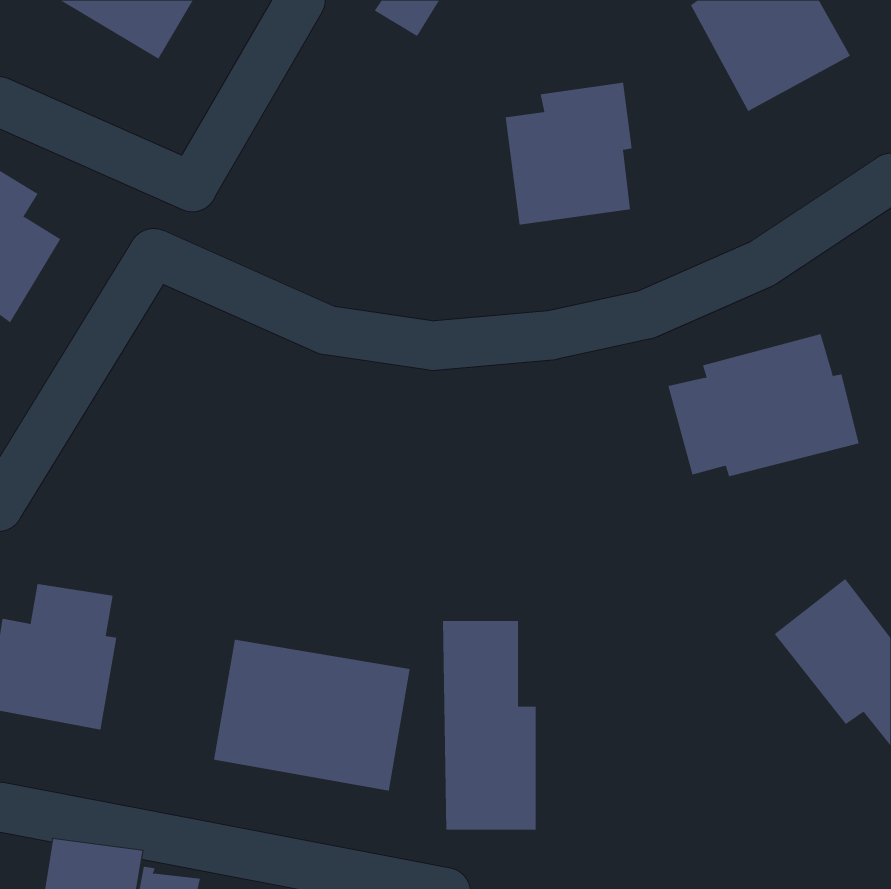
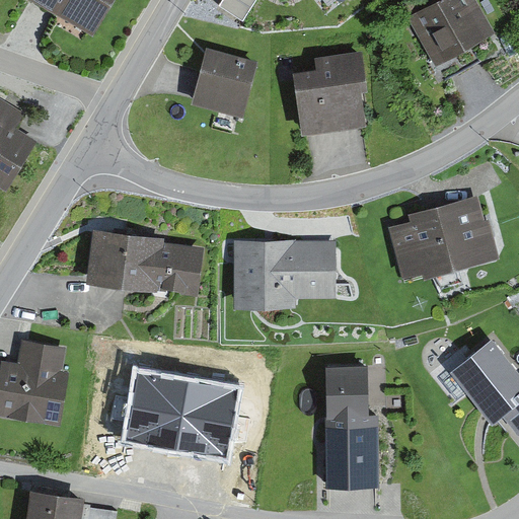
building: none -> [191,47,257,117]
building: none -> [85,228,204,296]
building: none -> [233,240,336,308]
building: [442,620,536,830] -> [323,364,378,486]

